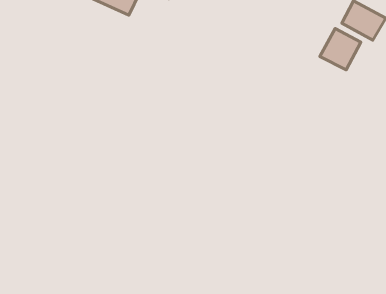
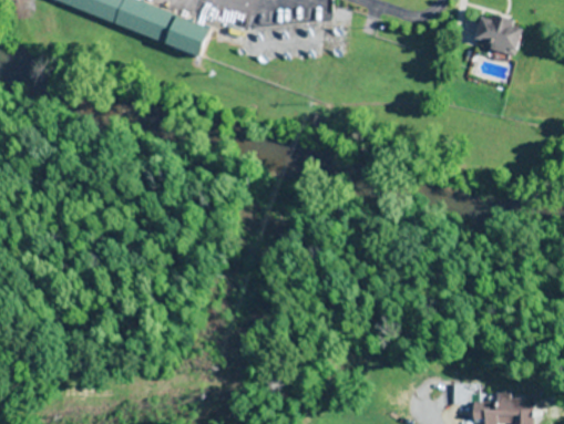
building: [320,28,361,70] -> none

